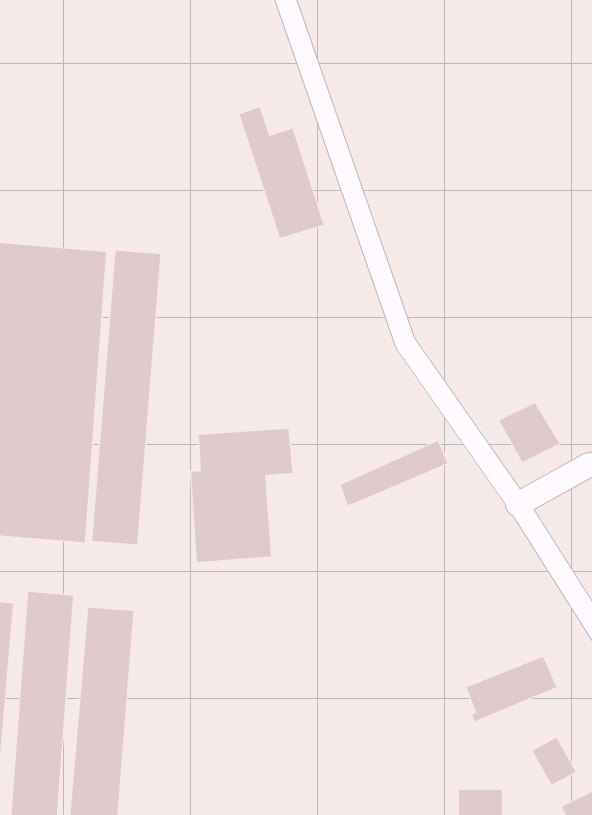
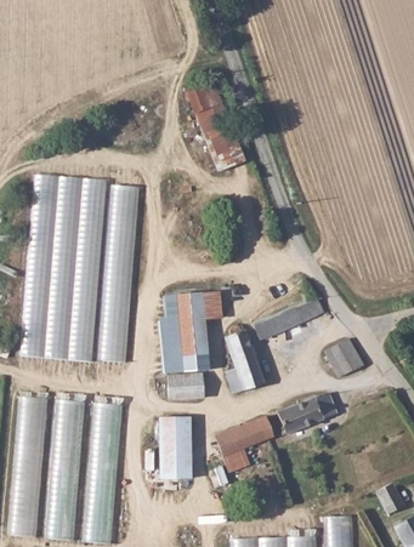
building: [499,403,561,463] -> [322,340,361,377]
building: none -> [223,325,262,393]
building: none -> [168,371,205,400]
building: none -> [159,416,192,479]
building: none -> [212,417,272,472]
building: [466,656,557,722] -> [276,393,333,434]

